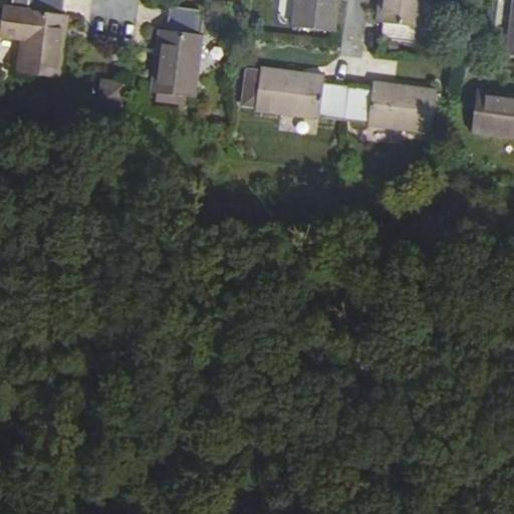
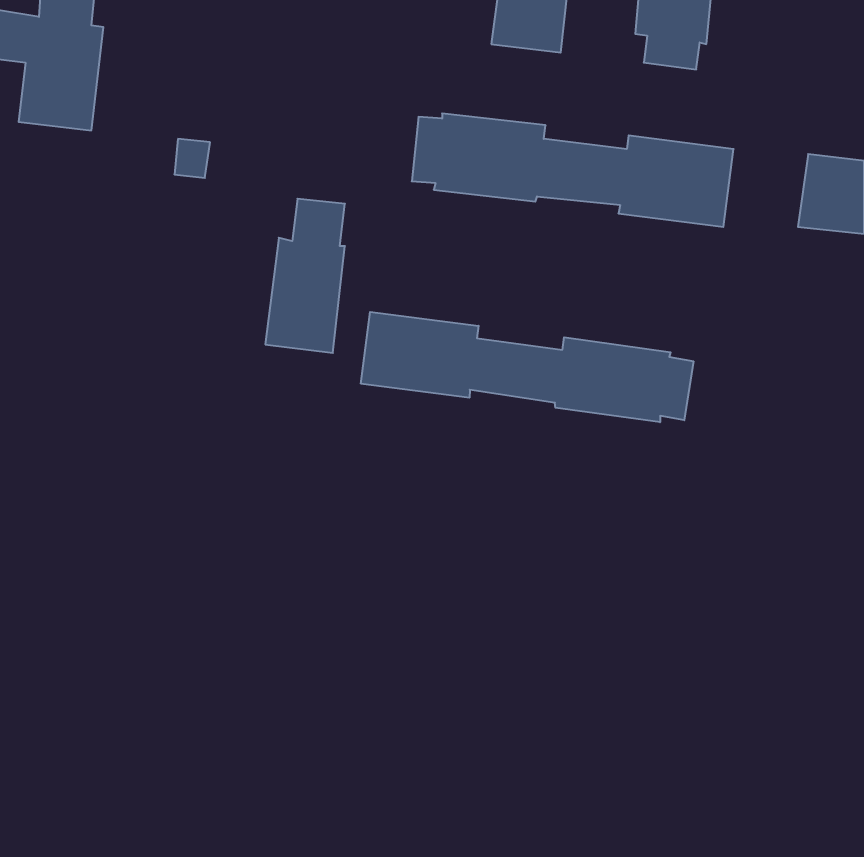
building: [154,6,201,97] -> [265,199,345,353]
building: none -> [361,312,693,422]

